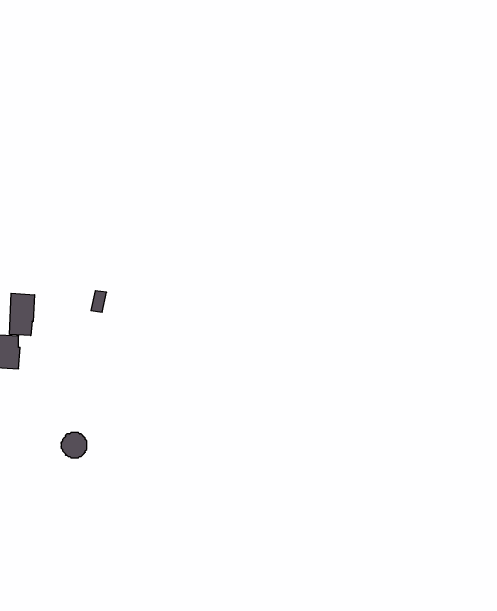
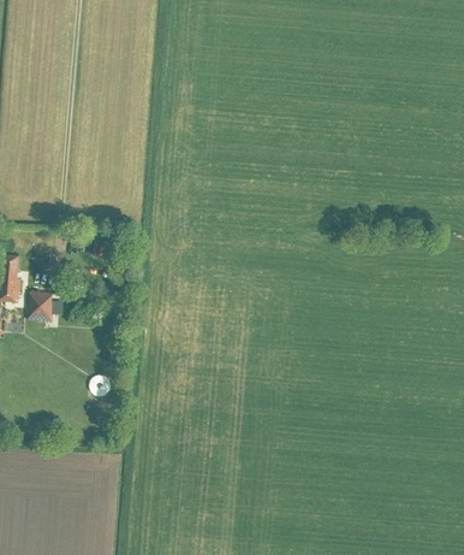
building: [10,293,35,336] -> none

